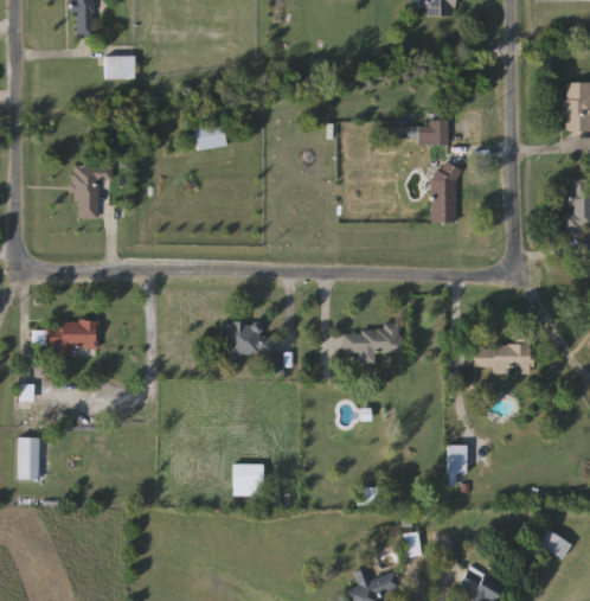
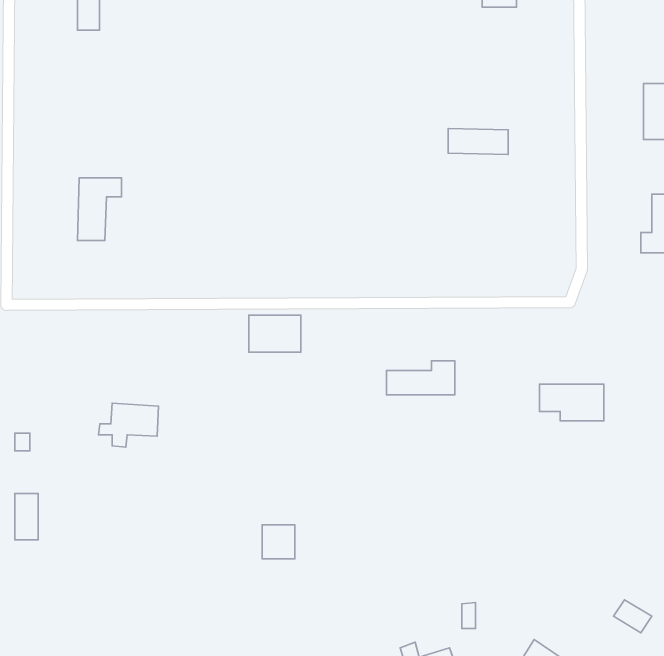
building: [105,55,134,78] -> none
building: [193,123,225,149] -> none
building: [431,164,455,222] -> none
building: [47,319,100,357] -> [98,403,159,447]
building: [227,322,272,354] -> [249,315,301,352]
building: [447,445,466,473] -> none

